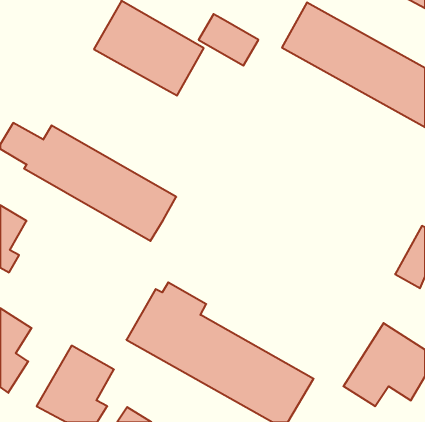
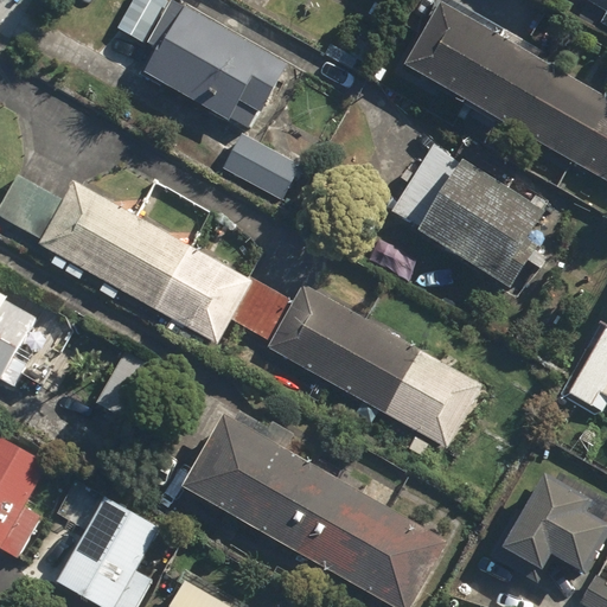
building: [199,14,258,66] -> [221,130,306,204]
building: none -> [391,142,543,287]
building: none -> [232,281,483,452]

